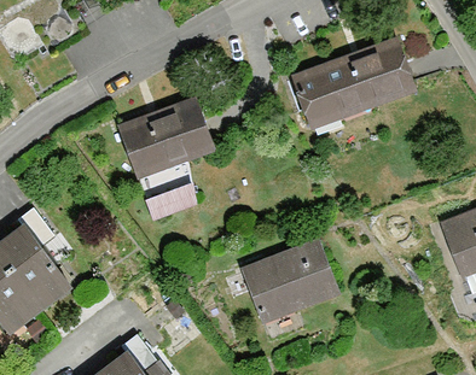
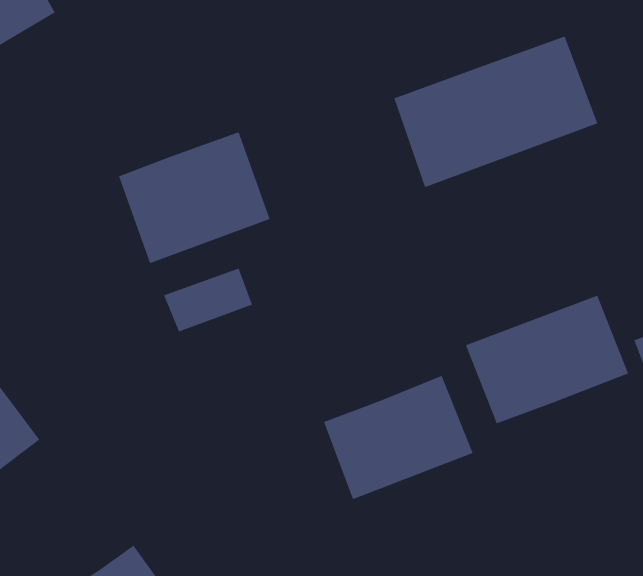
building: none -> [465,295,629,424]

